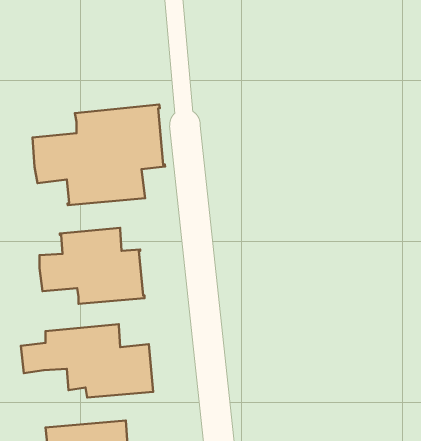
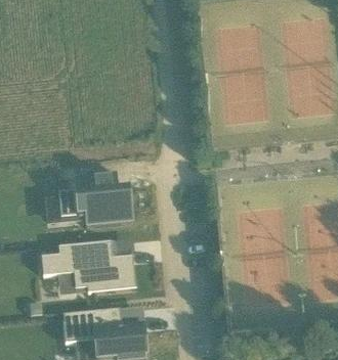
building: [33,105,165,205] -> none

